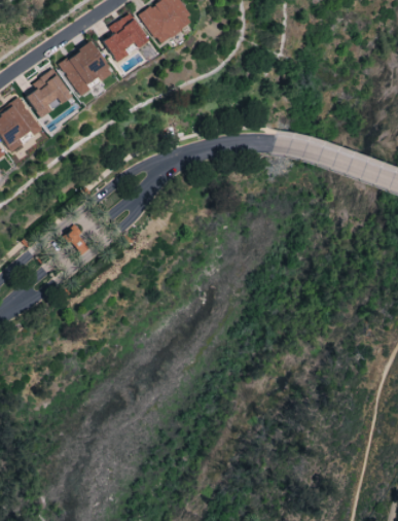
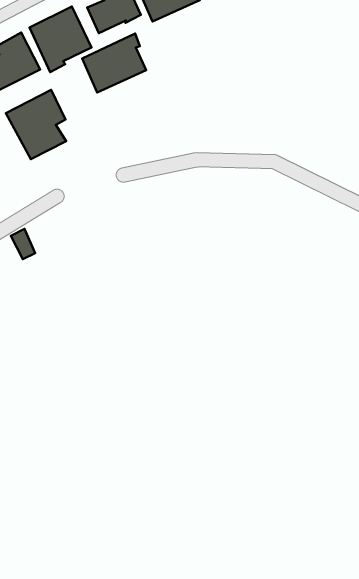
building: none -> [82,34,146,93]
building: none -> [6,90,66,159]

